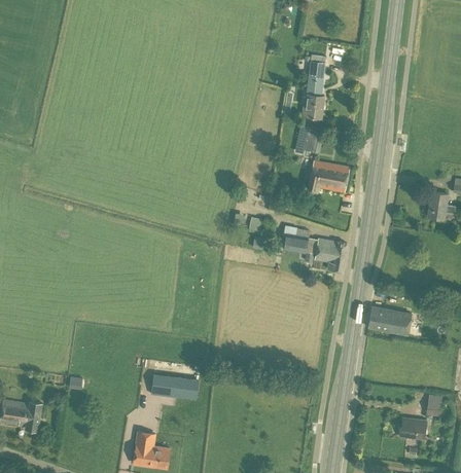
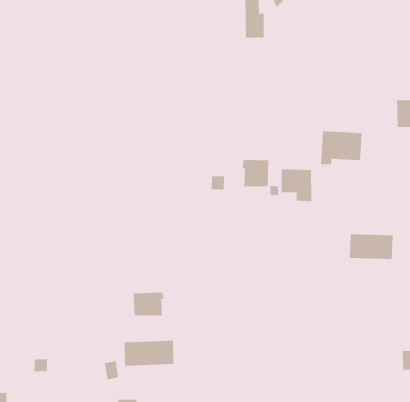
building: [300,128,323,153] -> none
building: [307,160,349,192] -> [320,131,362,165]
building: none -> [133,292,164,316]

